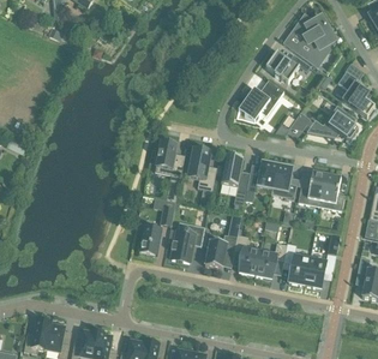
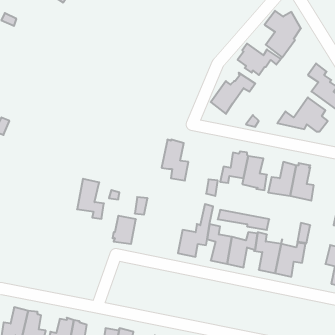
building: [155,140,182,181] -> [77,179,104,219]
building: [221,154,244,186] -> none
building: [170,225,205,262] -> none

